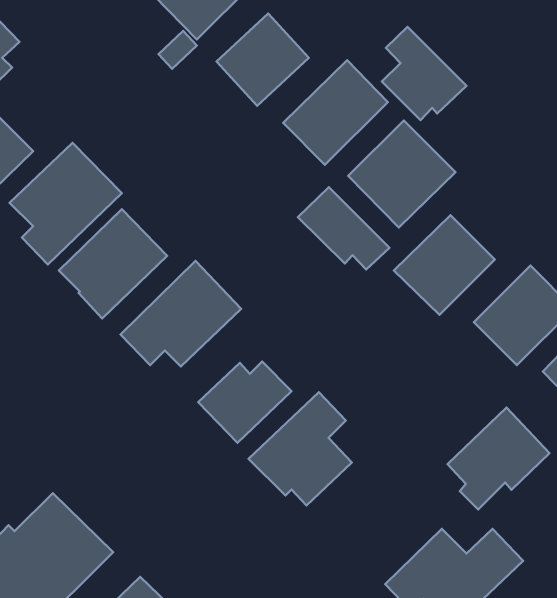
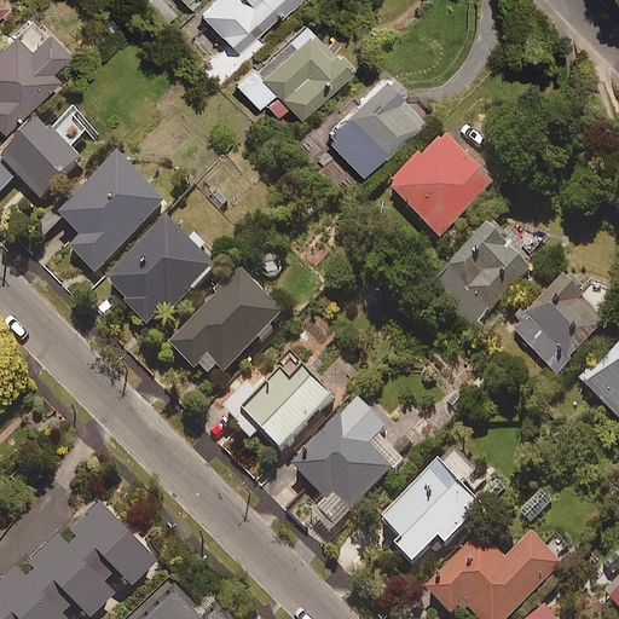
building: [382,27,467,120] -> none
building: [298,187,390,269] -> none
building: [447,408,550,510] -> [382,462,482,562]

